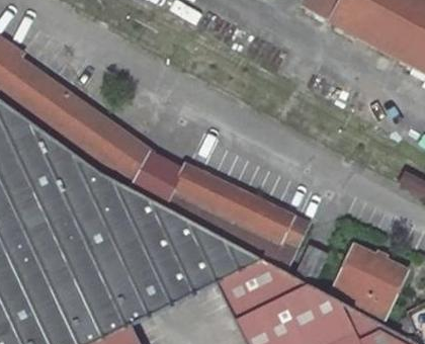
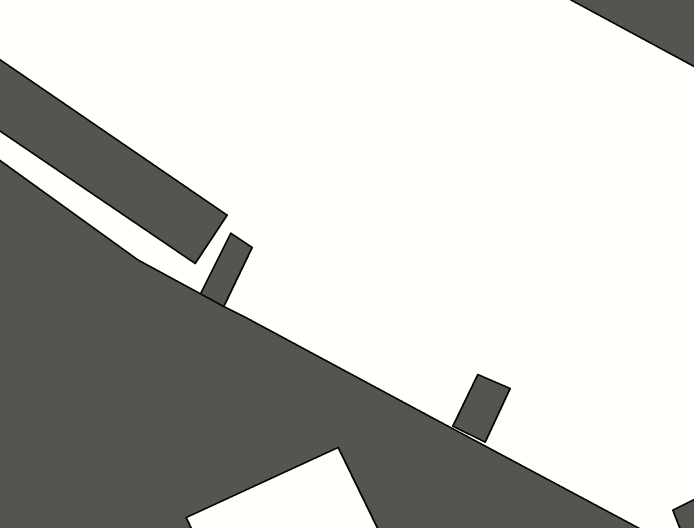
building: [166,163,295,265] -> none
building: [335,246,410,320] -> none

